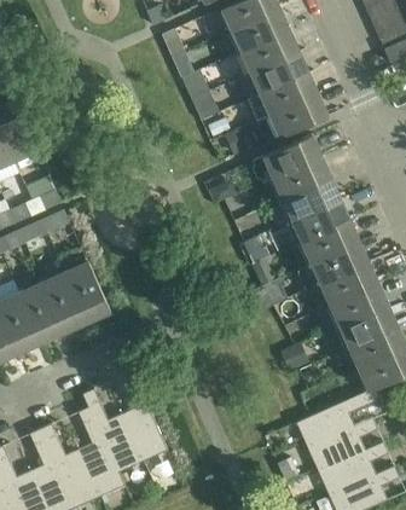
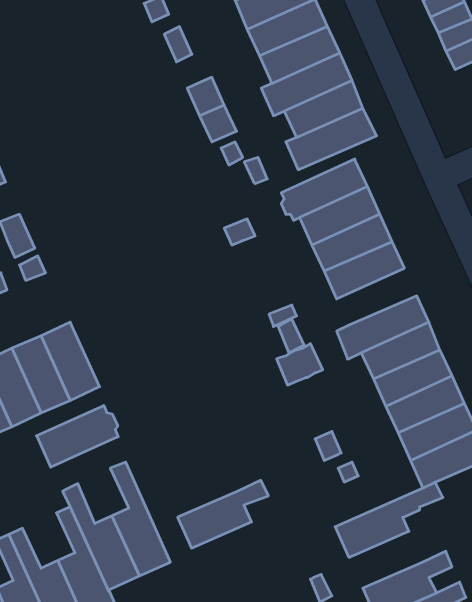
building: [297,219,360,263] -> none
building: none -> [36,405,118,467]
building: [307,417,378,470] -> [178,480,268,548]

